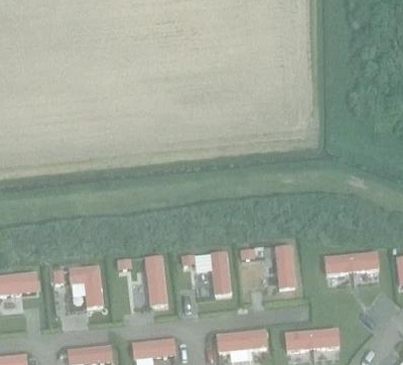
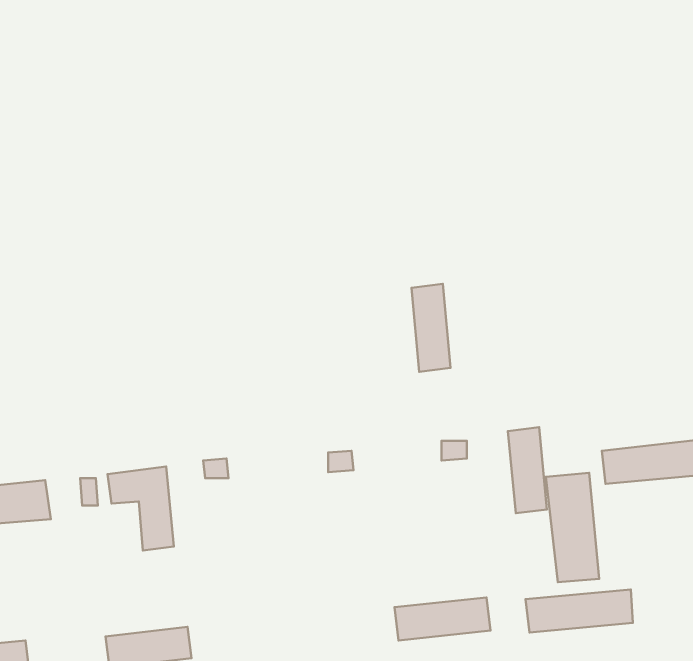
building: [211,252,231,297] -> [411,284,451,372]
building: [145,254,168,306] -> none
building: none -> [546,473,599,582]
building: [132,340,175,360] -> none

